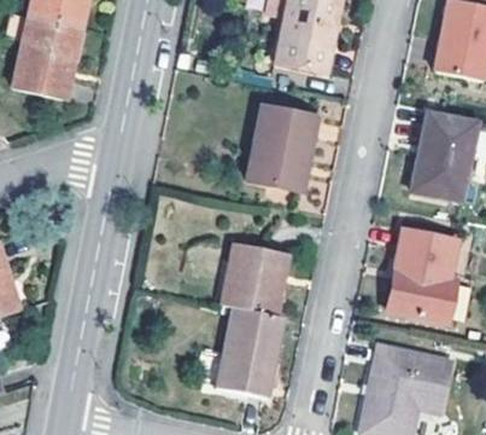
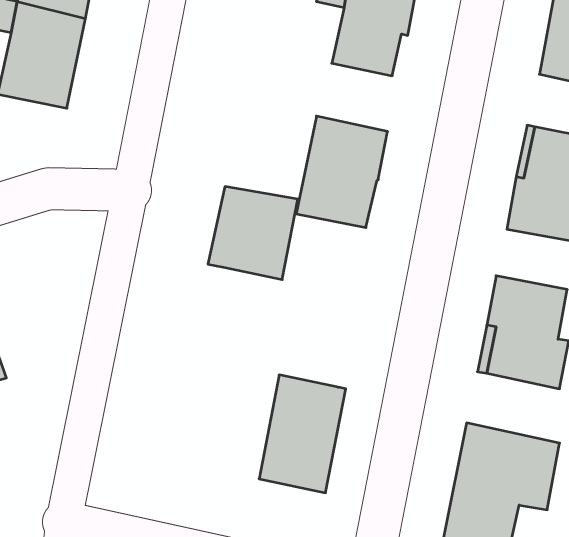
building: [221,243,291,315] -> [208,187,298,280]

